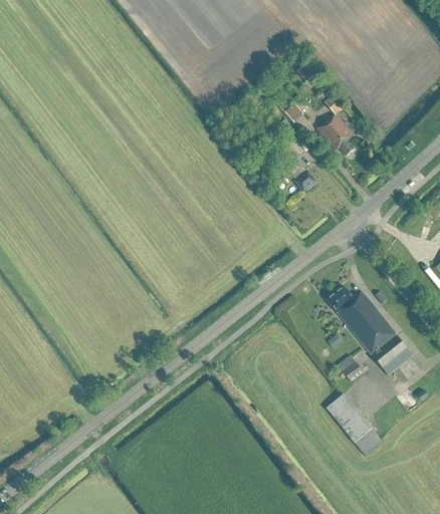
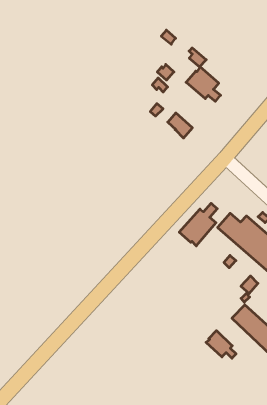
building: none -> [179,203,217,246]
building: none -> [206,331,236,358]

